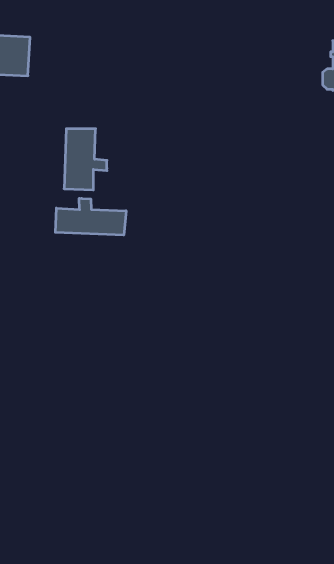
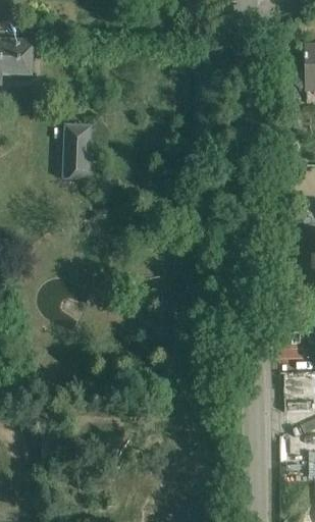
building: [55,198,126,235] -> none

